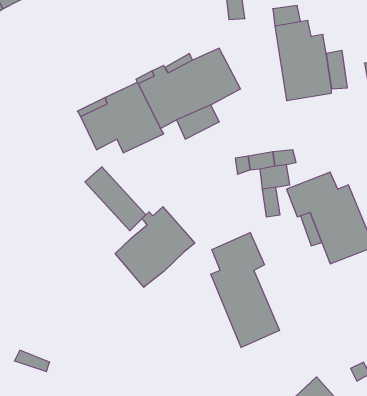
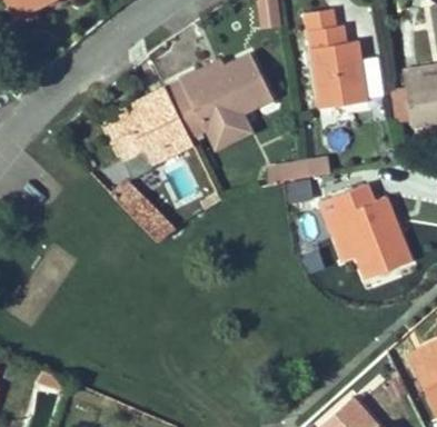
building: [115,207,195,287] -> none
building: [211,232,279,348] -> none

